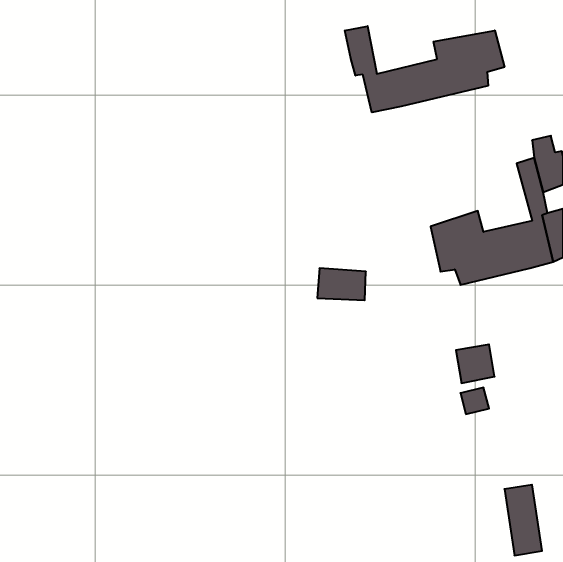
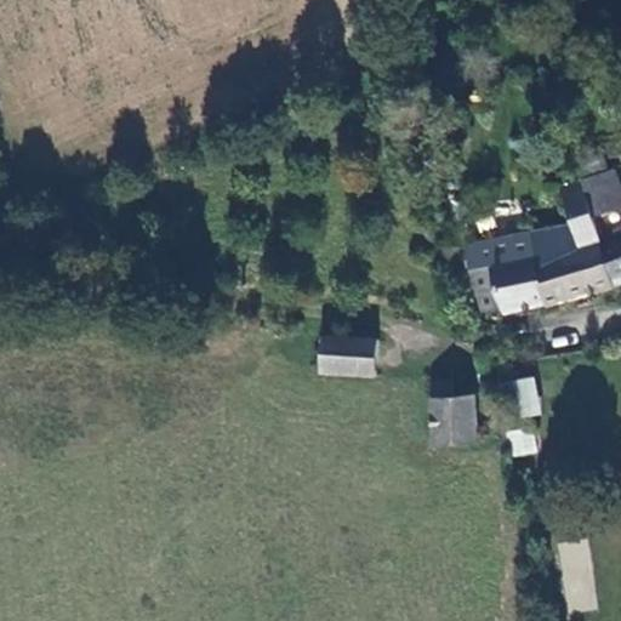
building: [345,26,504,112] -> none
building: [317,268,366,300] -> [323,338,376,374]
building: none -> [434,381,472,443]

